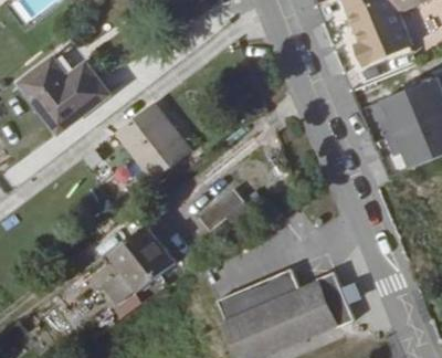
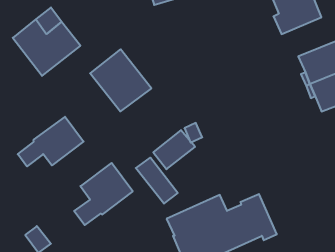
building: none -> [18,117,84,166]
building: none -> [136,158,178,204]

